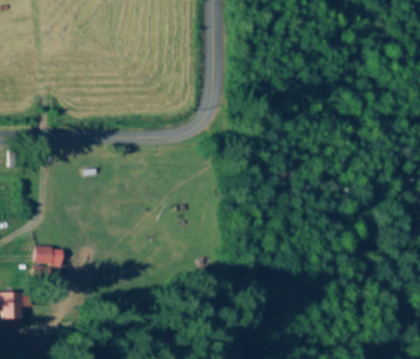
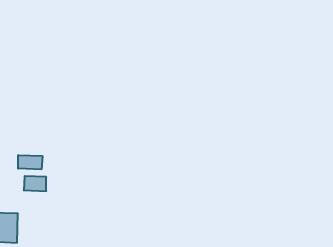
building: none -> [18,155,42,169]

